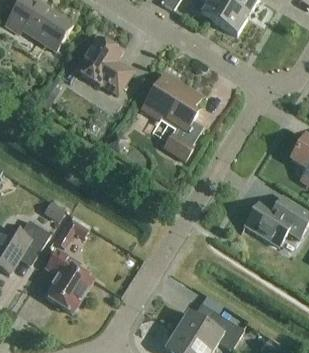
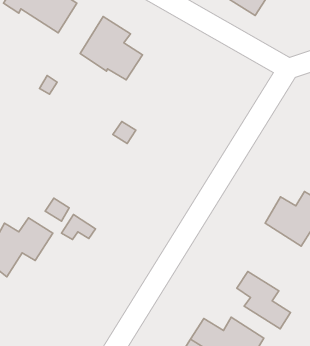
building: [142,71,202,159] -> none
building: [45,248,94,312] -> none
building: none -> [237,272,290,329]

